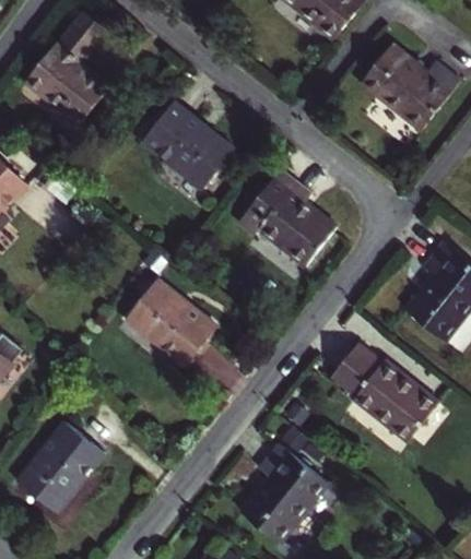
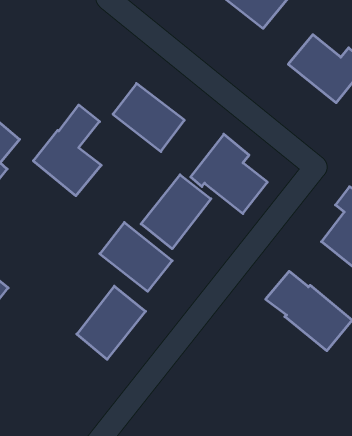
building: [26,11,111,124] -> [33,105,101,196]
building: none -> [141,175,211,249]
building: [19,421,105,513] -> [77,286,146,359]
building: [244,441,331,542] -> none

